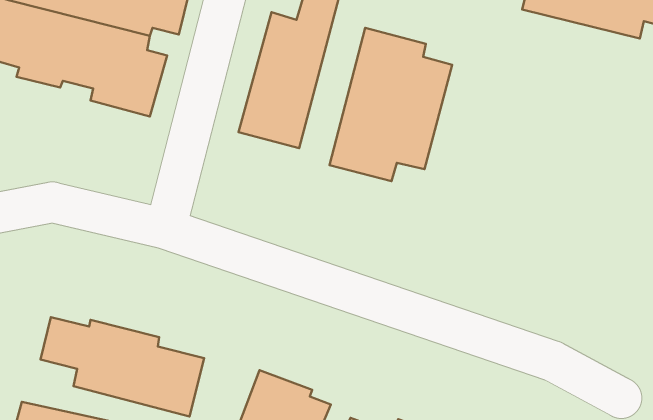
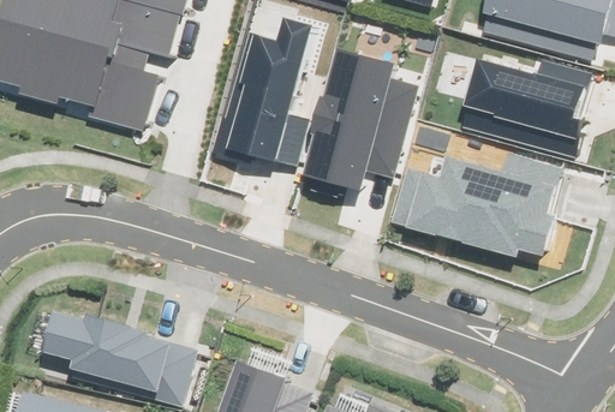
building: none -> [460,56,587,155]
building: none -> [389,154,561,257]

